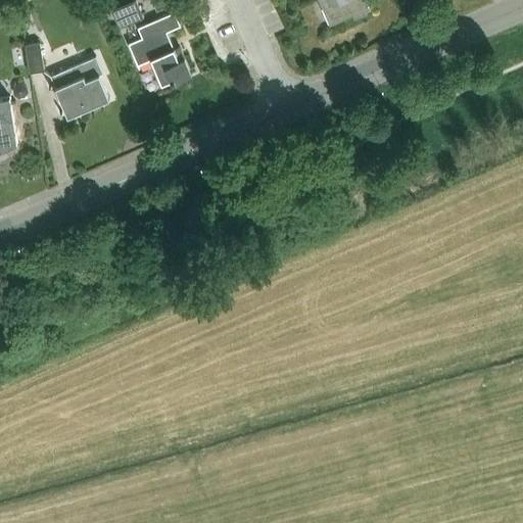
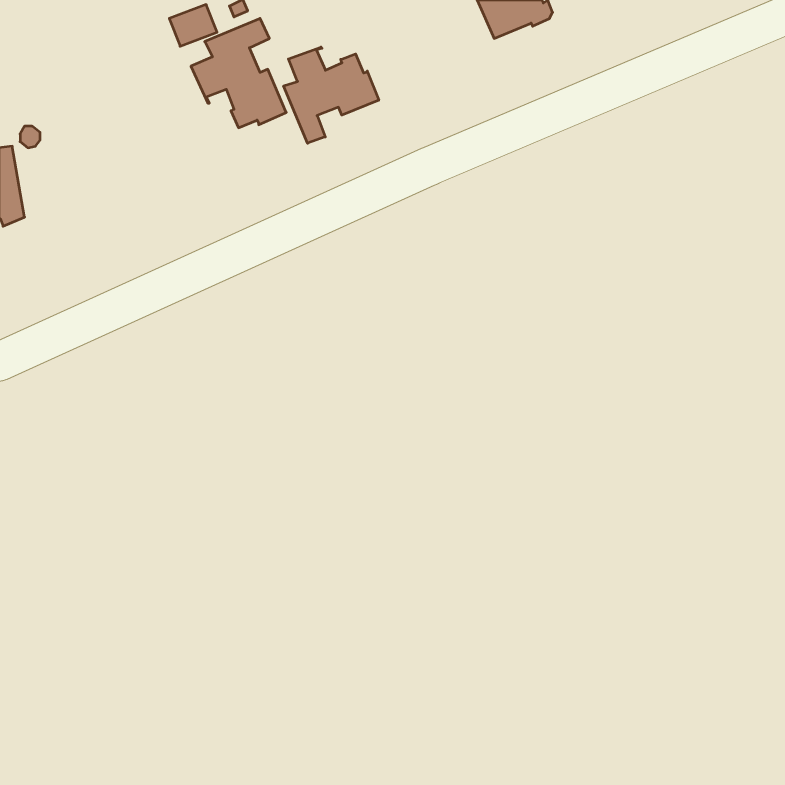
building: none -> [284,47,379,143]
building: [23,44,108,117] -> none

